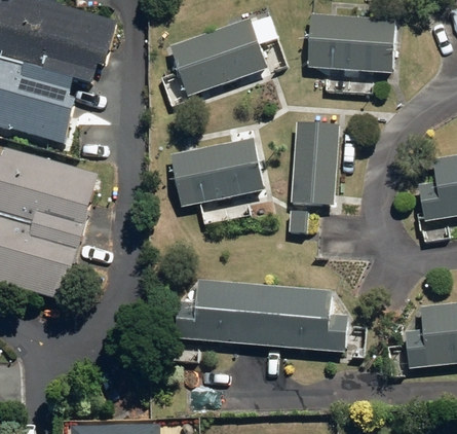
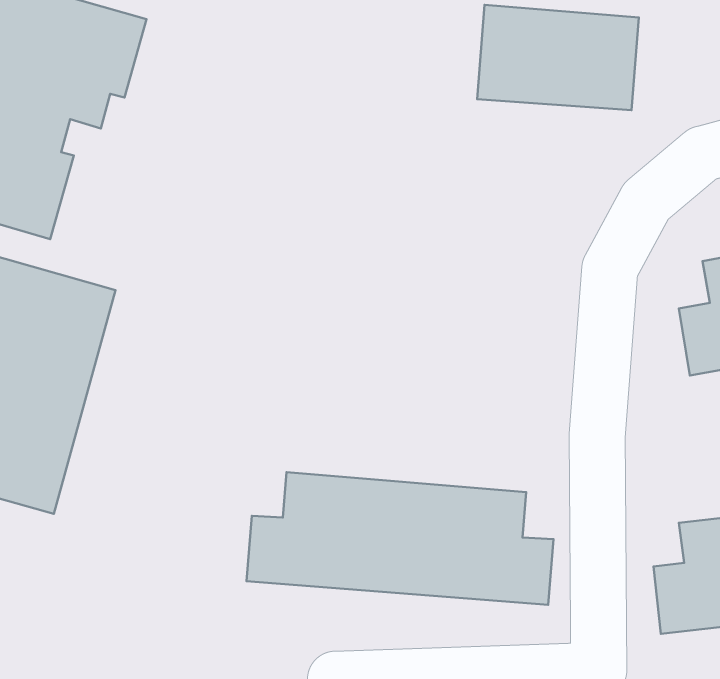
building: [167,16,267,97] -> none
building: [290,122,341,205] -> none
building: [169,137,265,206] -> none

